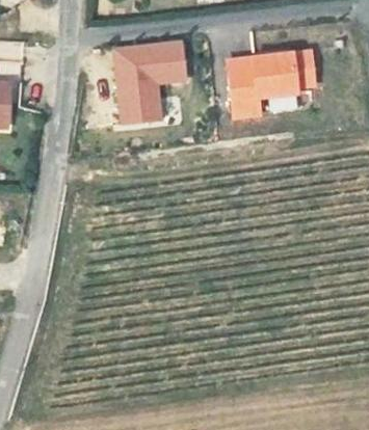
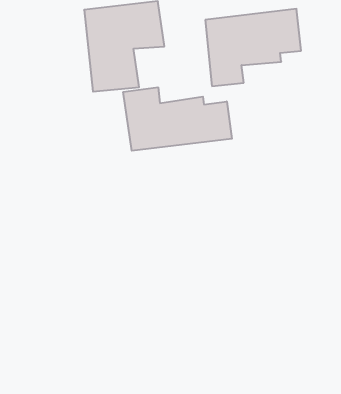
building: none -> [123,87,232,151]

